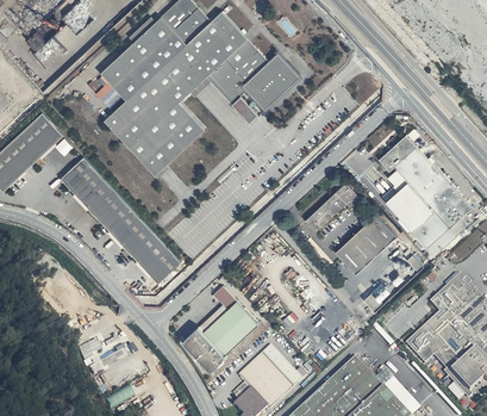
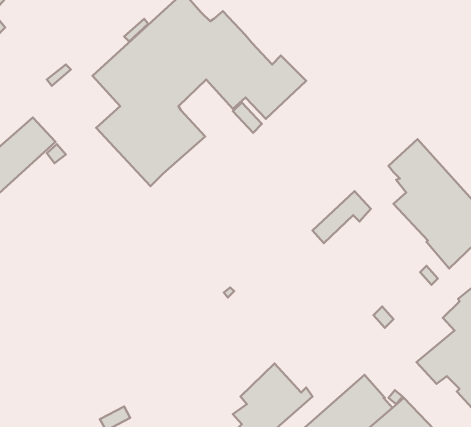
building: [61,156,182,284] -> none
building: [336,215,395,273] -> none
building: [183,285,256,370] -> none

